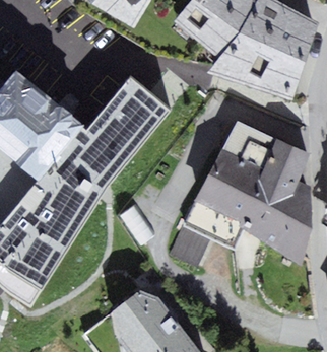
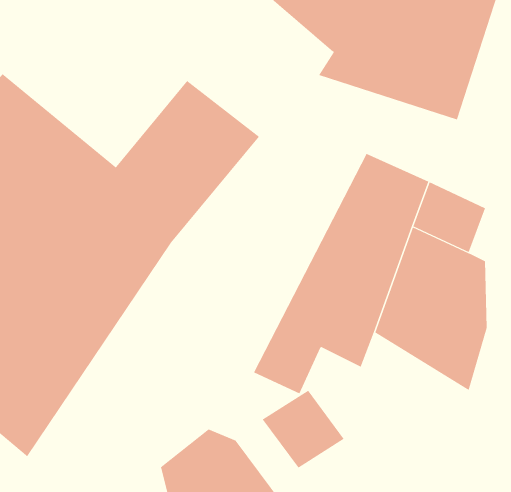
building: none -> [262,390,345,468]

